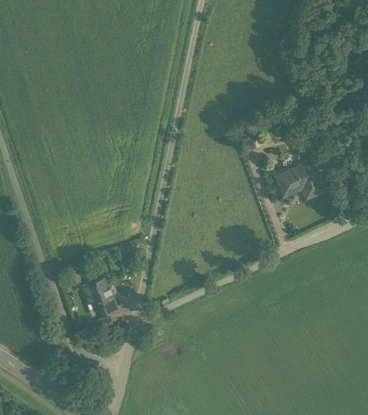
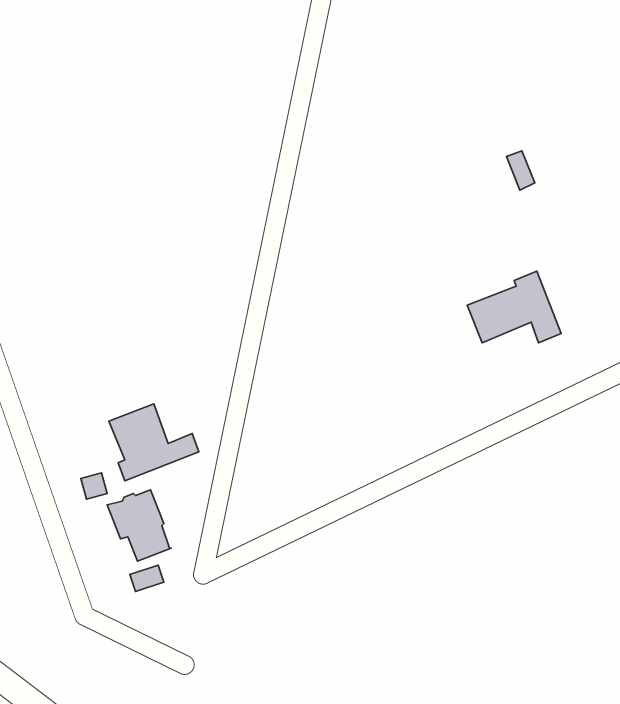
building: none -> [109,404,199,481]

